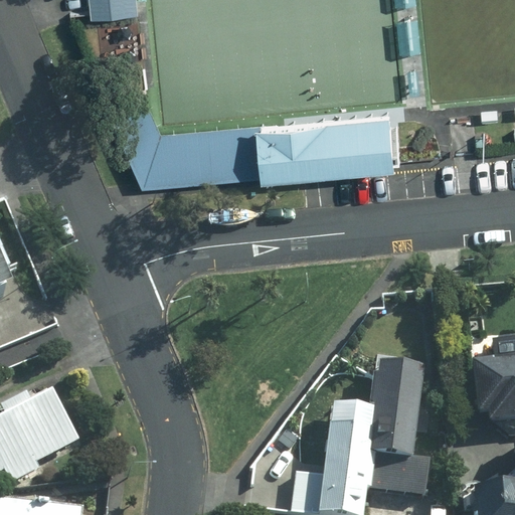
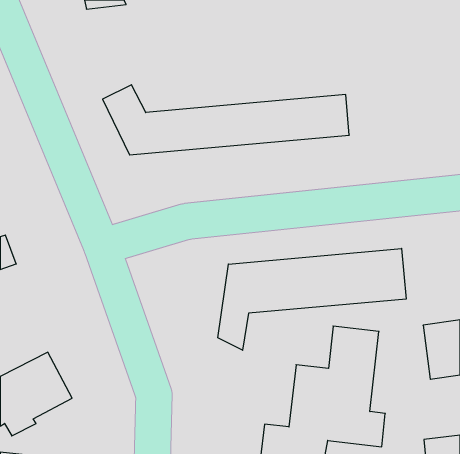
building: none -> [218,248,406,350]

